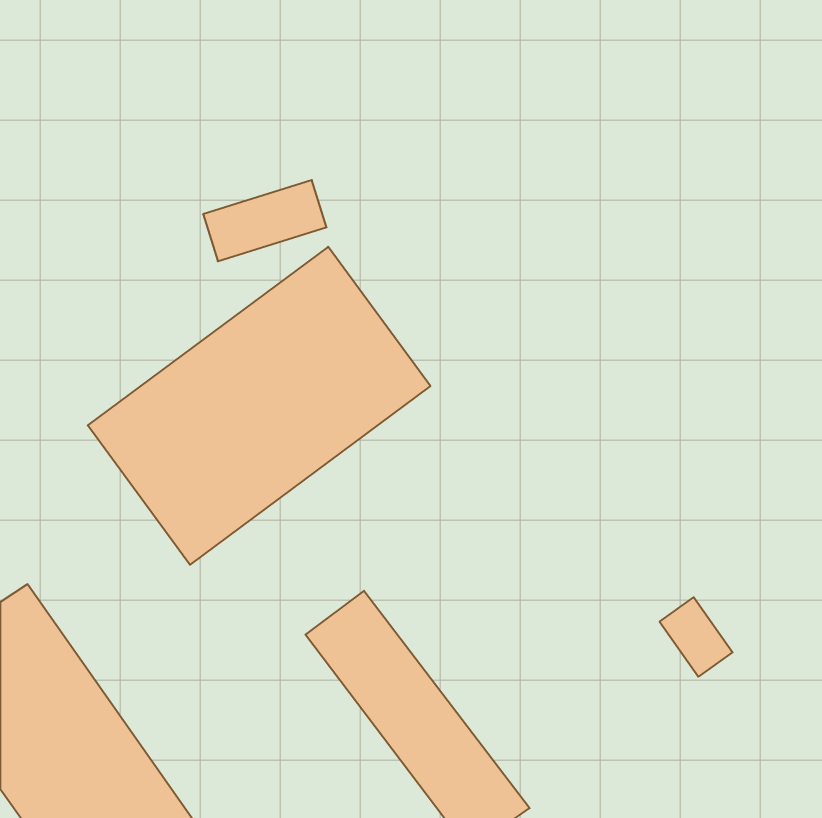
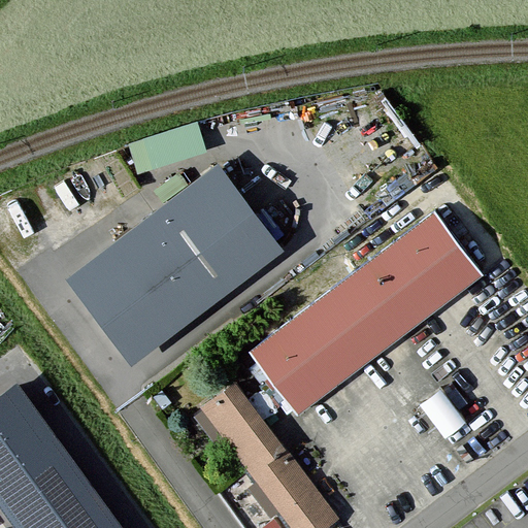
building: none -> [248,214,483,419]

